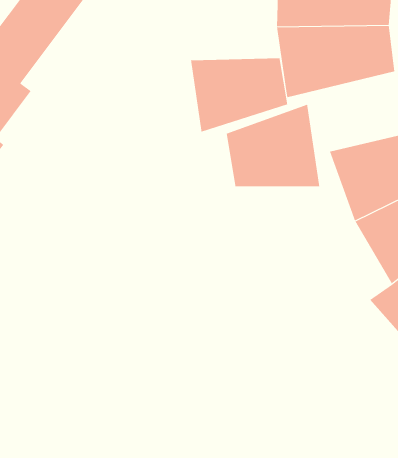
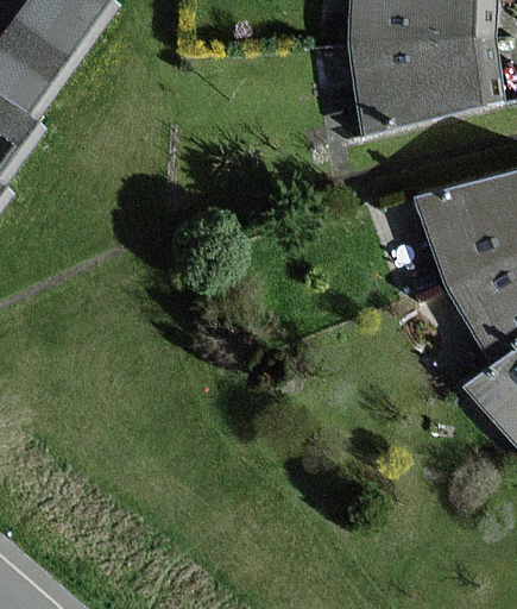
building: [191,57,288,132] -> none
building: [226,104,320,187] -> none

